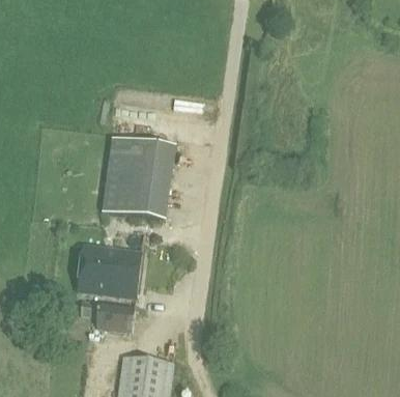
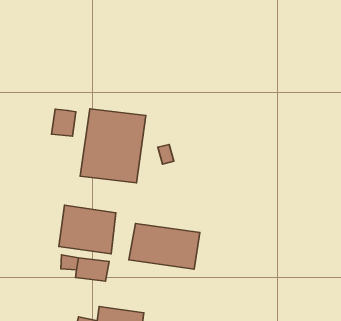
building: none -> [51,109,76,136]
building: none -> [129,224,200,269]

